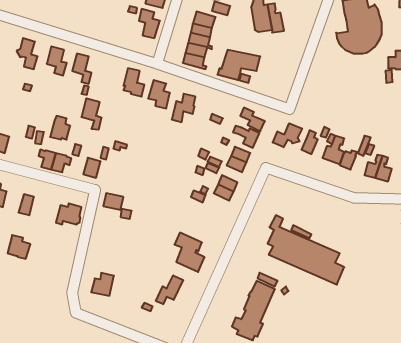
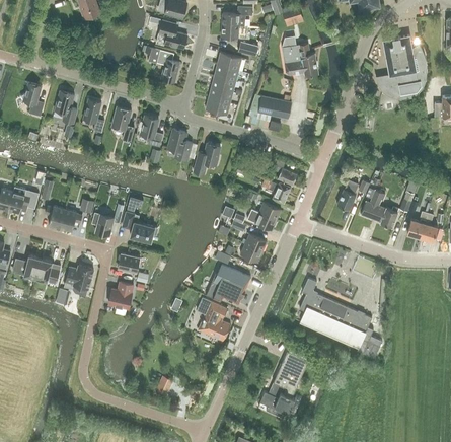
building: [81,99,102,130] -> [110,106,133,141]
building: [50,116,70,140] -> [7,187,29,213]
building: [273,123,302,147] -> none
building: none -> [122,212,157,242]
building: none -> [211,265,249,304]
building: [8,235,30,259] -> [34,259,60,285]
building: [91,273,114,296] -> [107,283,133,308]
building: [156,275,183,304] -> none

